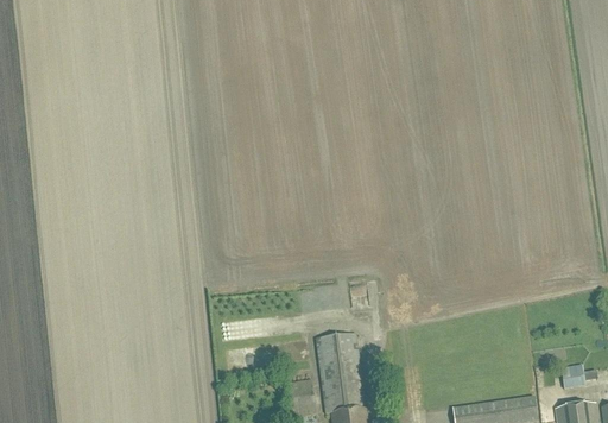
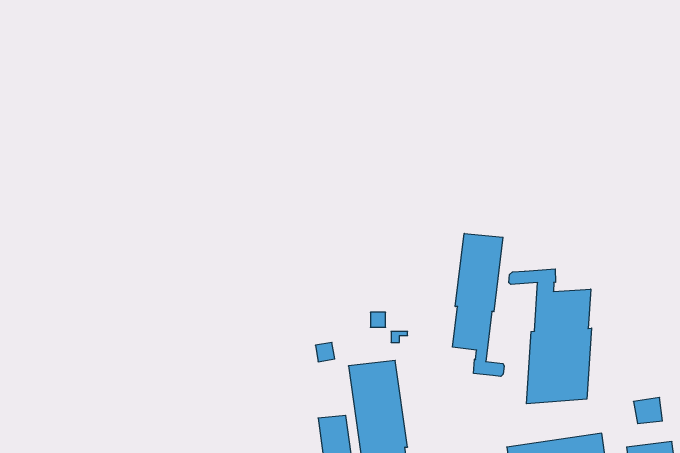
building: none -> [453,233,504,376]
building: none -> [509,269,592,404]

